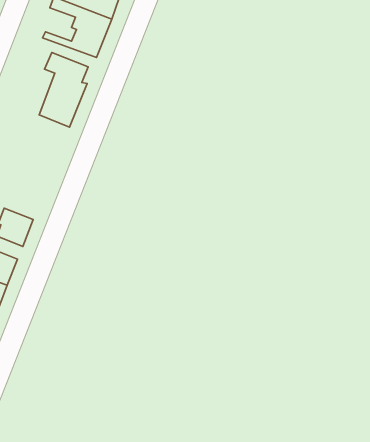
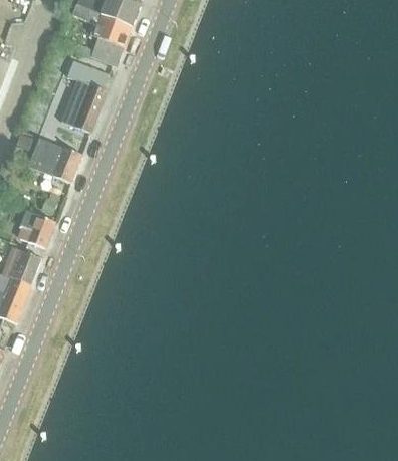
building: none -> [28,138,81,182]

